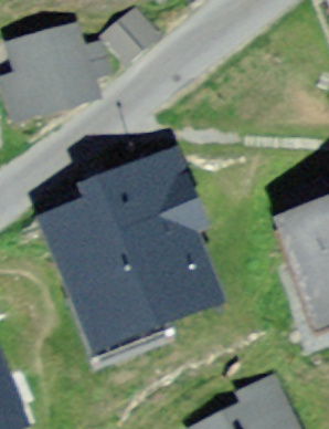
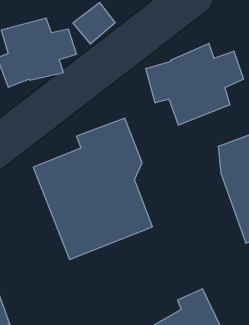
building: none -> [146,43,244,125]

